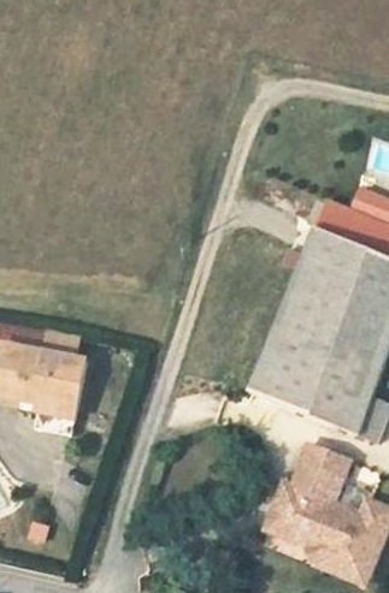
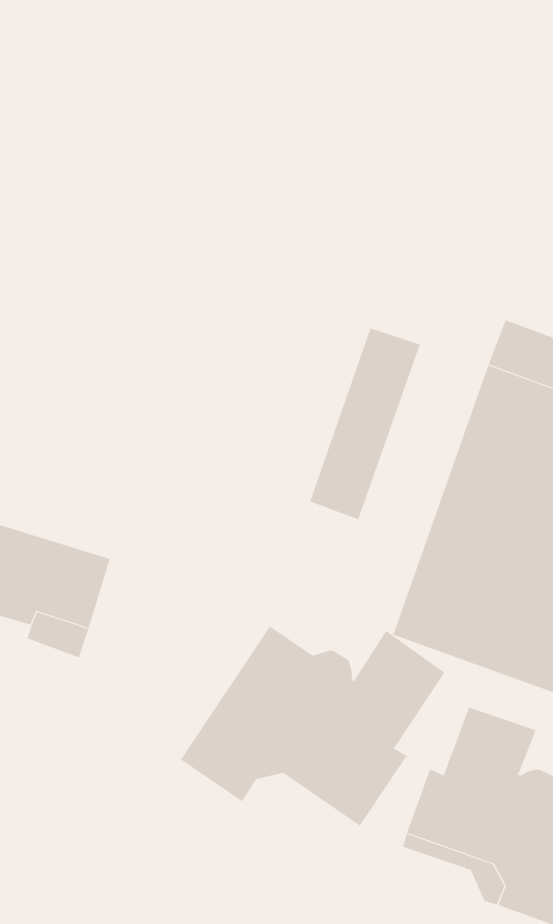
building: none -> [309,328,420,520]
building: none -> [180,626,445,827]

